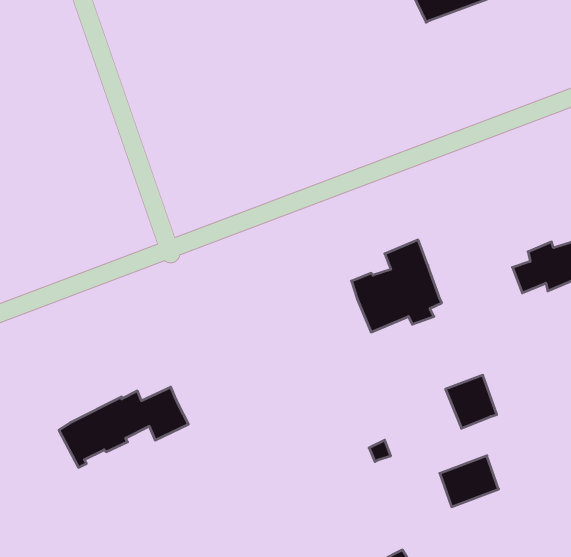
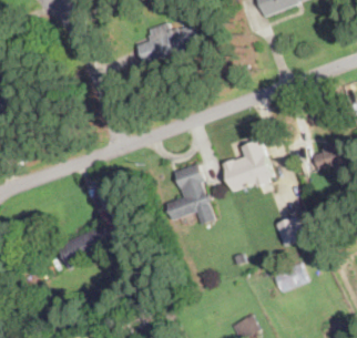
building: none -> [136,22,204,63]
building: none -> [166,163,214,224]

